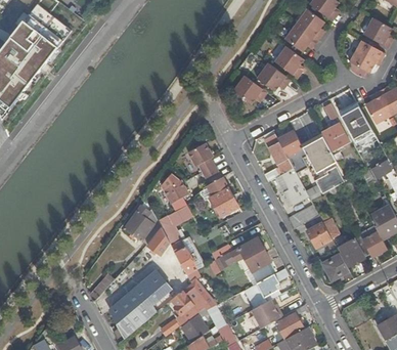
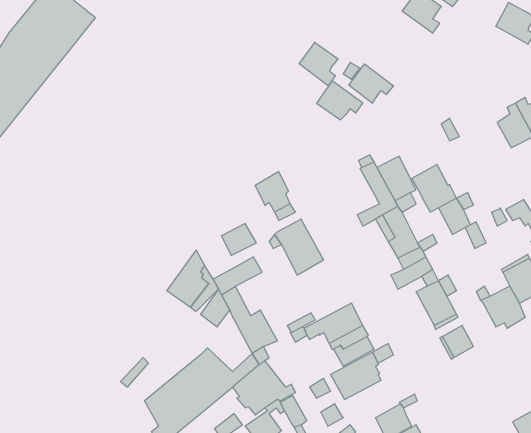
building: [284,25,318,52] -> none
building: [349,41,385,74] -> none
building: [275,47,304,79] -> [299,42,338,86]
building: [340,104,372,142] -> none
building: [320,124,349,151] -> none
building: [339,238,365,266] -> none
building: [252,299,283,329] -> none

